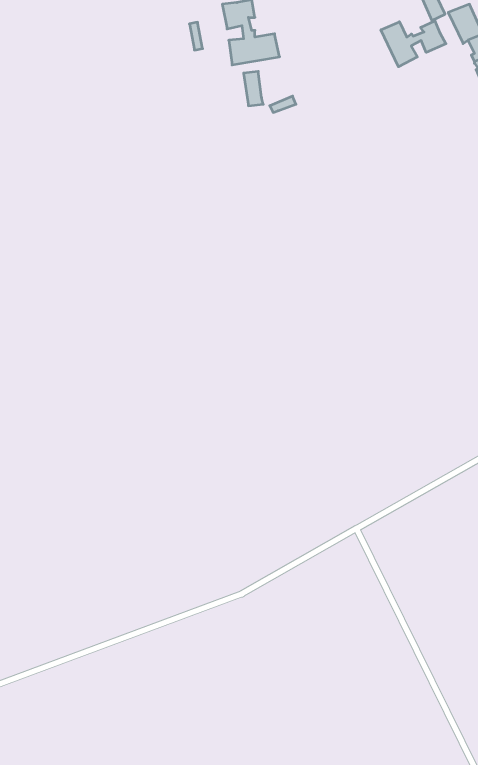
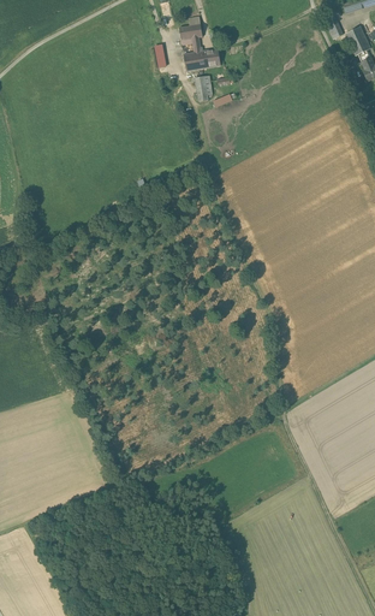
building: [381,21,446,67] -> none

